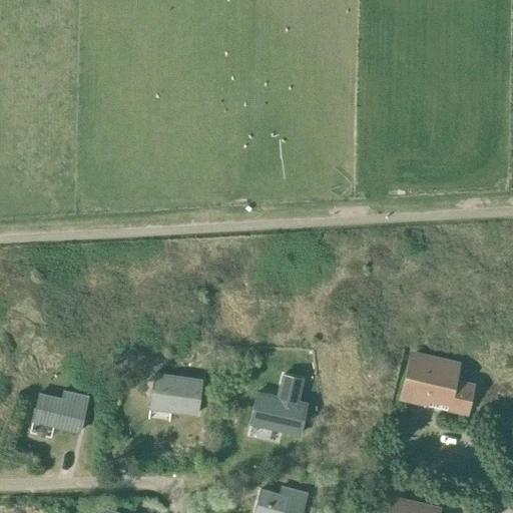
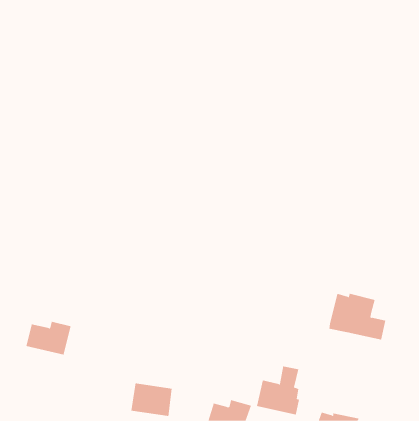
building: [151,374,202,415] -> [131,383,173,417]
building: [251,375,305,435] -> [256,366,300,415]

